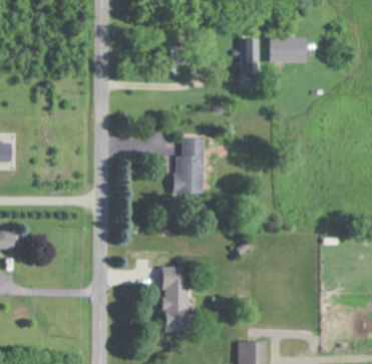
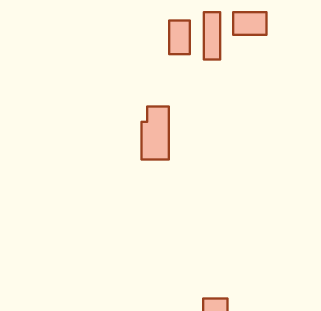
building: none -> [169,20,190,54]
building: [163,267,188,331] -> none

